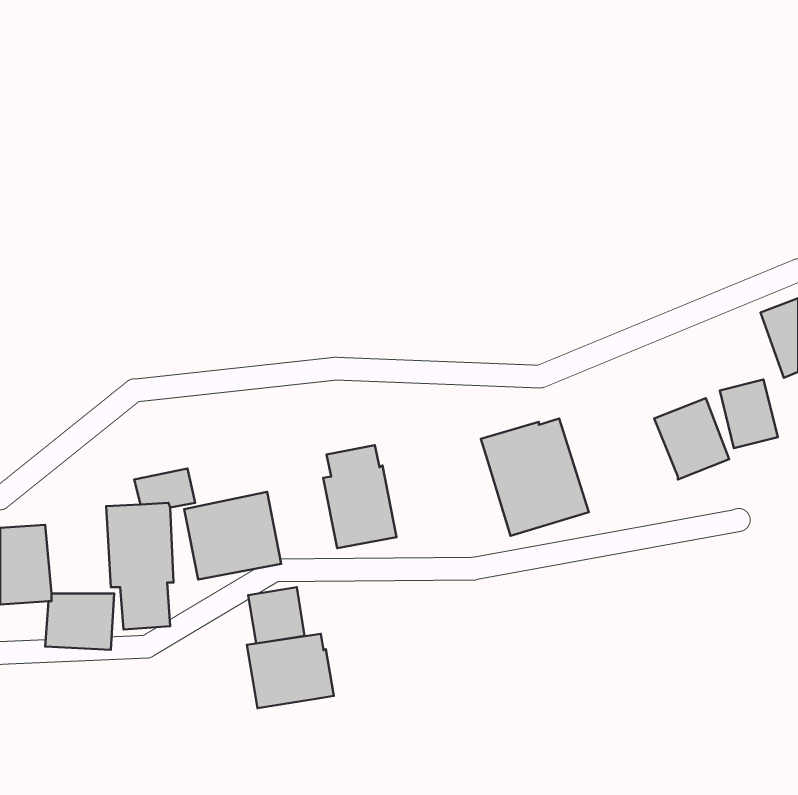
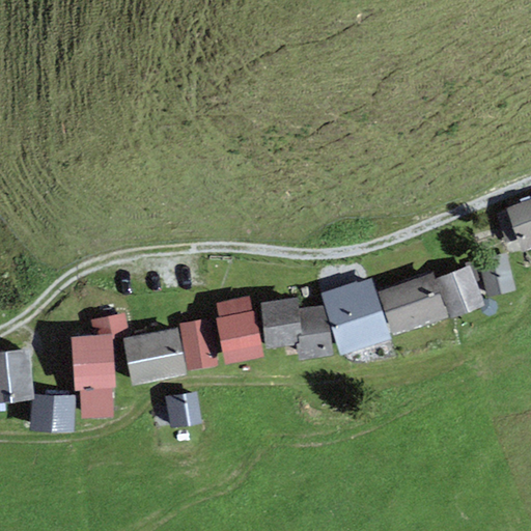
building: none -> [378,272,450,335]
building: none -> [260,297,333,360]
building: none -> [179,317,218,369]
building: [247,634,334,708] -> none

